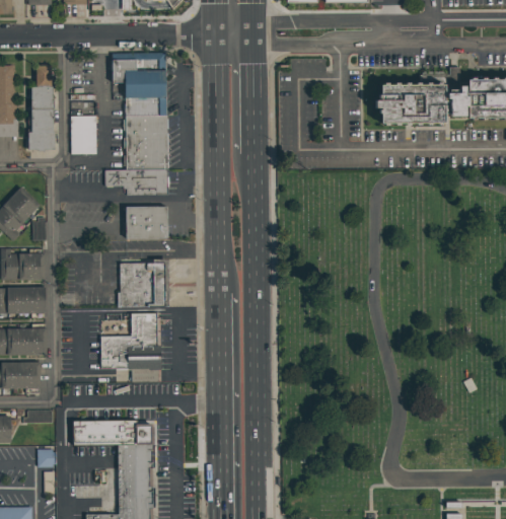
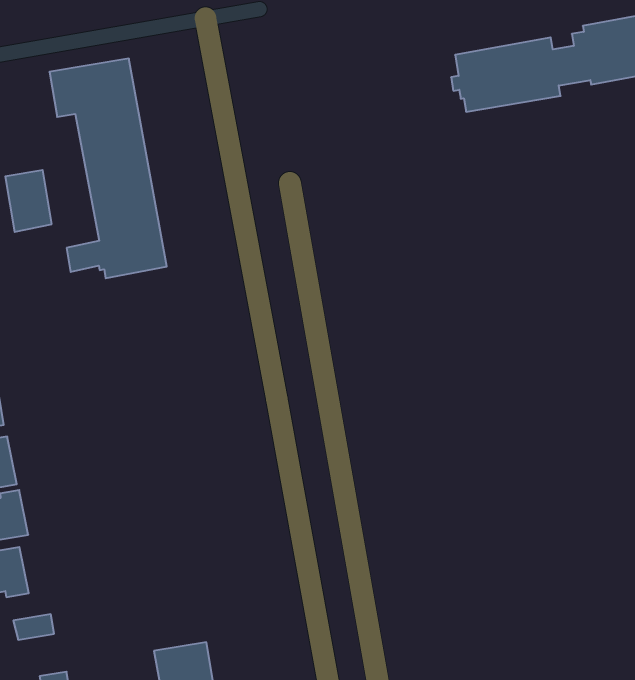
building: [129,206,167,238] -> none
building: [127,265,155,305] -> none
building: [100,313,158,381] -> none
building: [73,421,153,445] -> none

